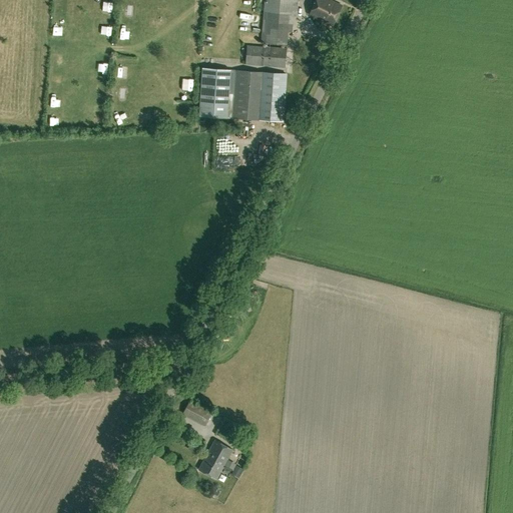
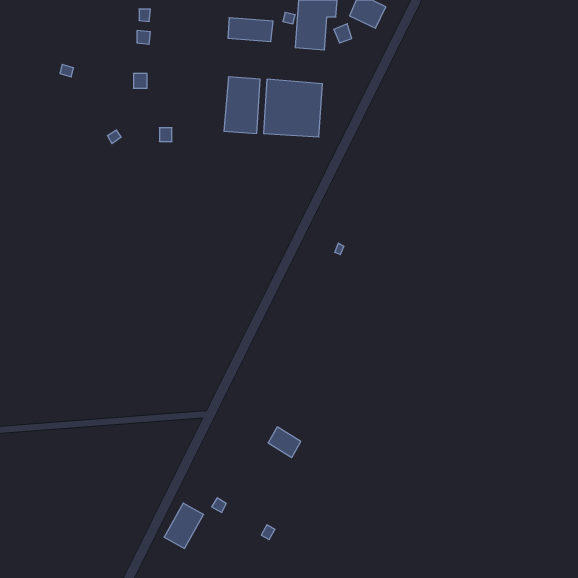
building: [246,46,287,67] -> [228,18,273,41]
building: [184,399,213,426] -> [268,427,301,457]
building: [198,440,233,480] -> [164,503,204,548]

